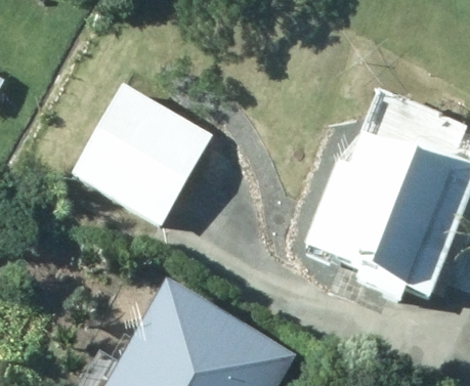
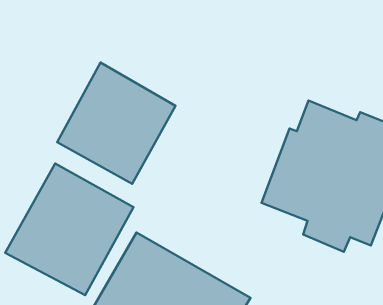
building: none -> [5,164,134,295]

